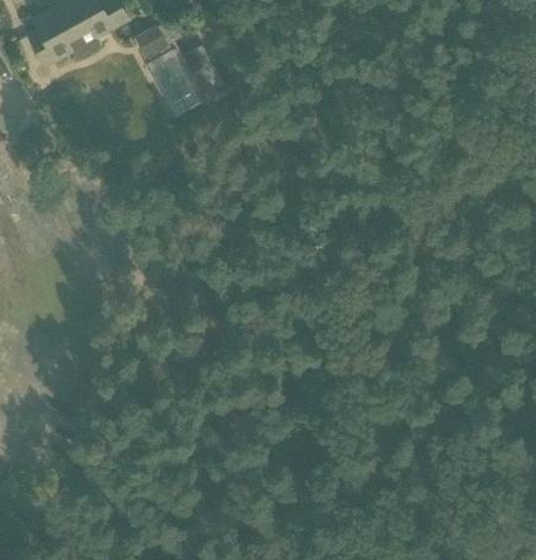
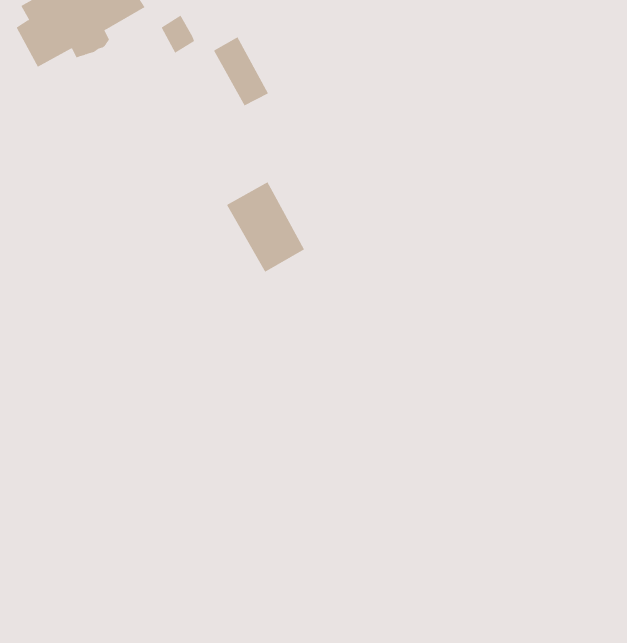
building: [138,41,200,112] -> [226,182,305,273]

